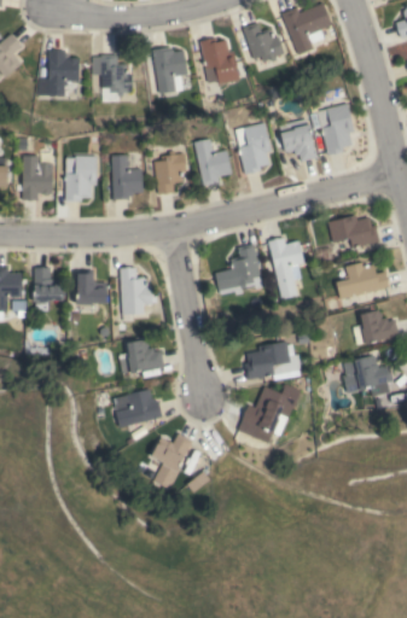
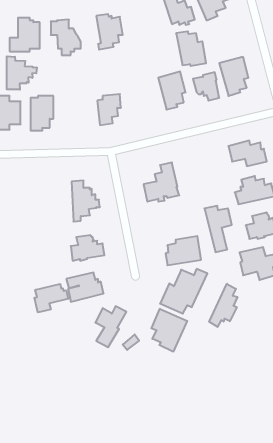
building: [200,39,240,84] -> [176,31,206,66]
building: none -> [7,56,37,90]
building: [194,139,232,186] -> none
building: [112,156,144,200] -> none
building: [268,238,304,299] -> [204,206,232,252]
building: [34,268,64,311] -> none
building: [76,270,107,305] -> none
building: none -> [209,284,237,327]
building: none -> [34,284,68,312]
building: none -> [151,309,187,352]

